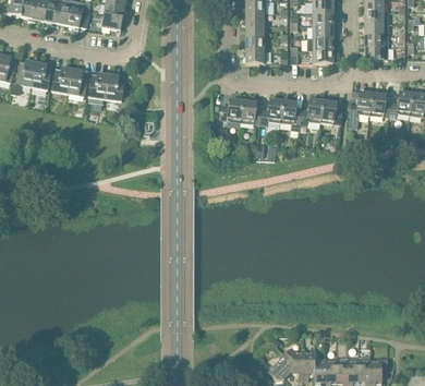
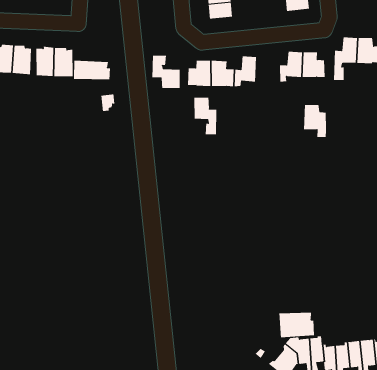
building: none -> [74,60,111,80]
building: none -> [152,55,180,89]
building: [280,99,302,130] -> [303,104,327,137]
building: none -> [194,97,217,135]
building: none -> [279,312,315,338]

